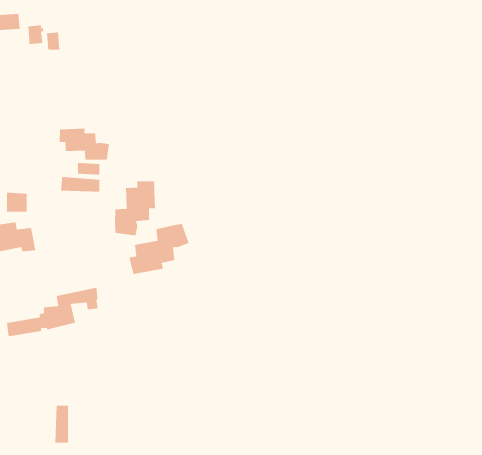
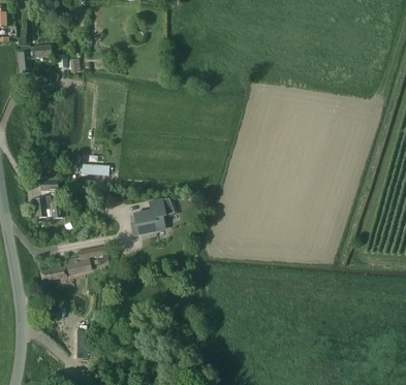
building: [59,128,109,161] -> none
building: [115,180,155,236] -> none

